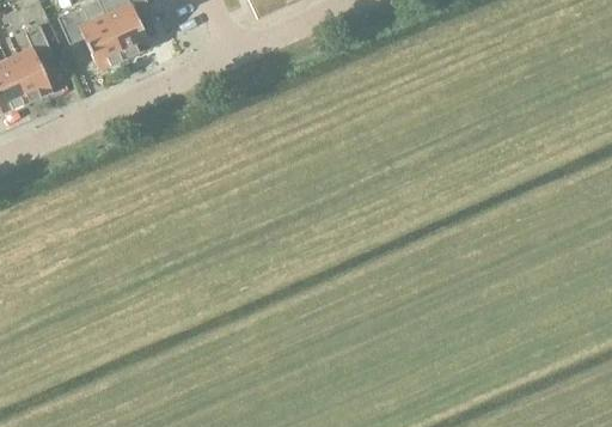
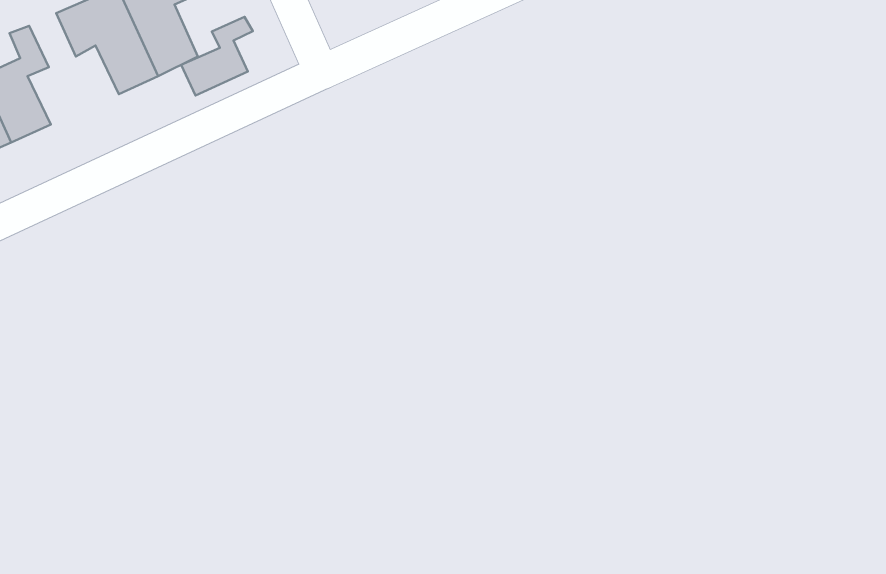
building: none -> [181,17,253,95]

